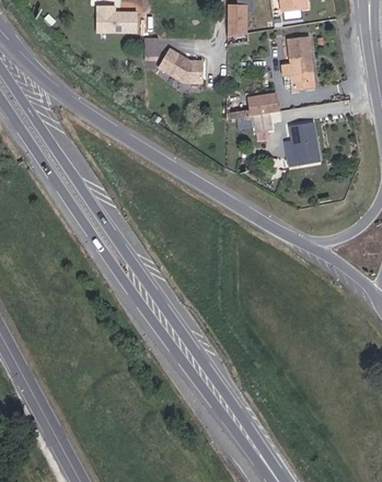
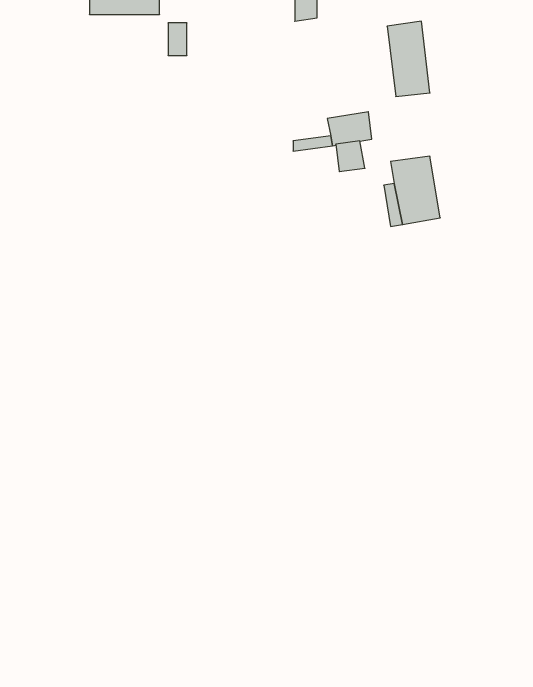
building: [161,51,202,84] -> none

